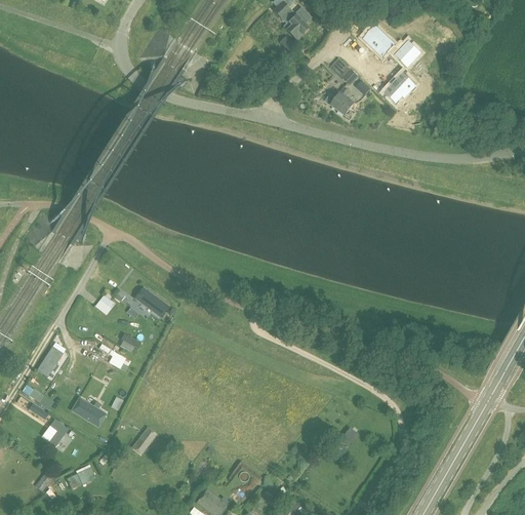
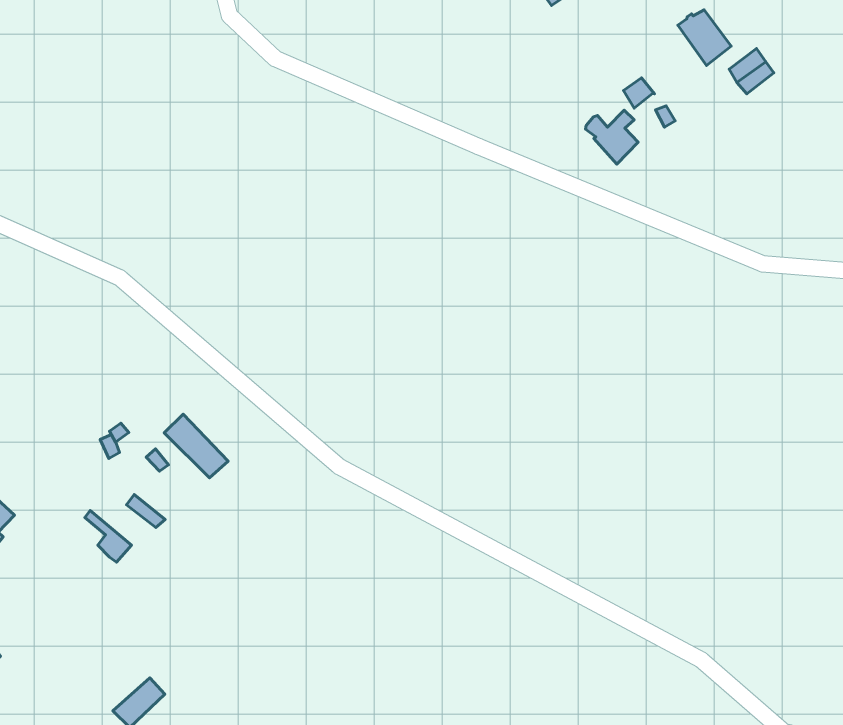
building: [386,75,415,103] -> none
building: [71,397,107,428] -> none

